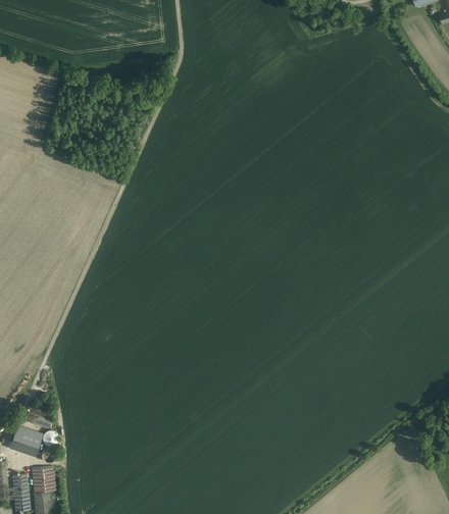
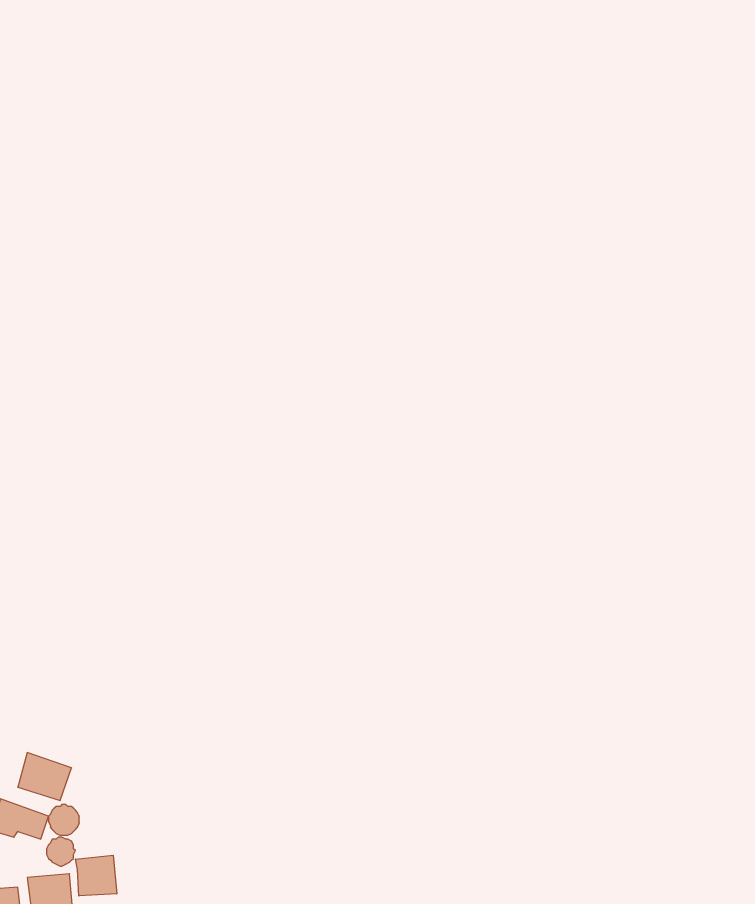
building: none -> [76,855,117,896]

